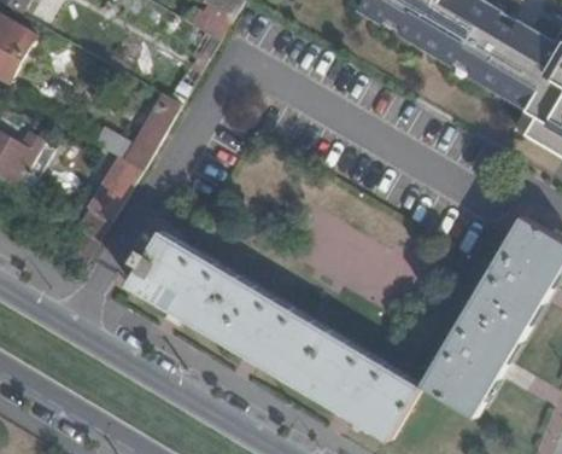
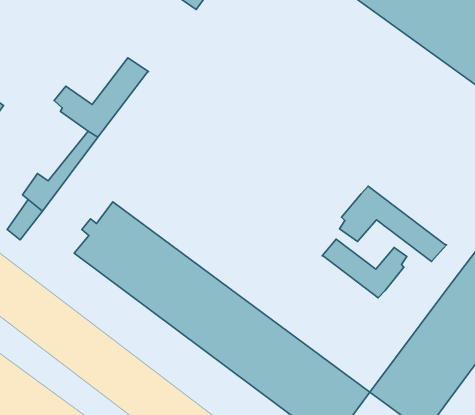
building: none -> [340,186,446,261]
building: none -> [322,239,407,298]

